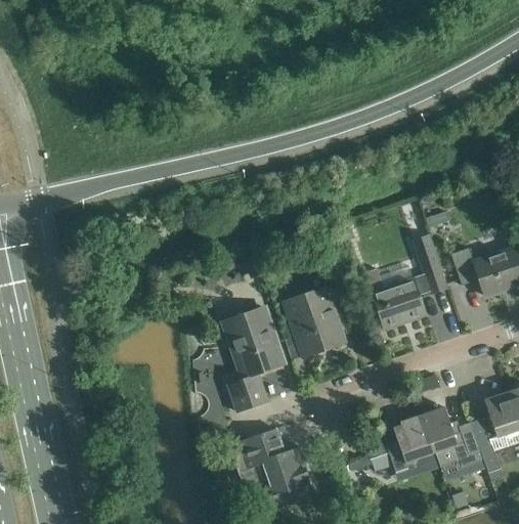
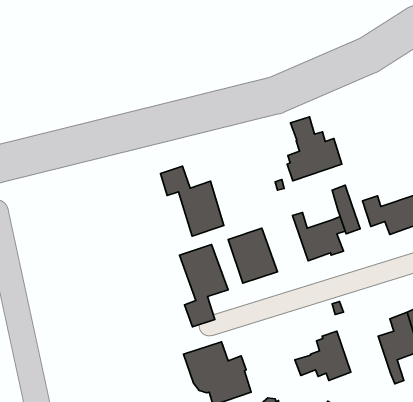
building: none -> [287,117,342,181]
building: none -> [161,166,224,236]
building: [420,407,486,473] -> none

